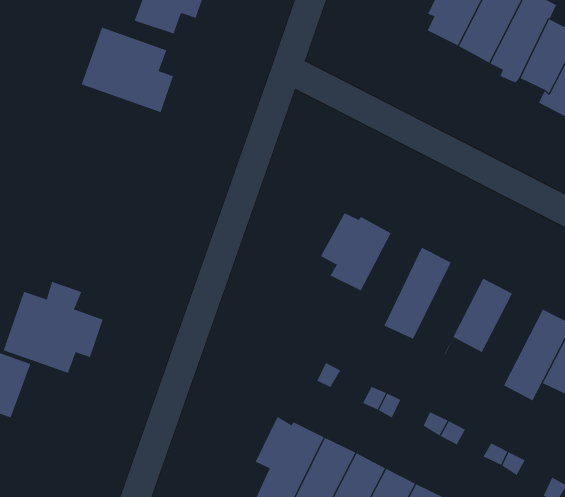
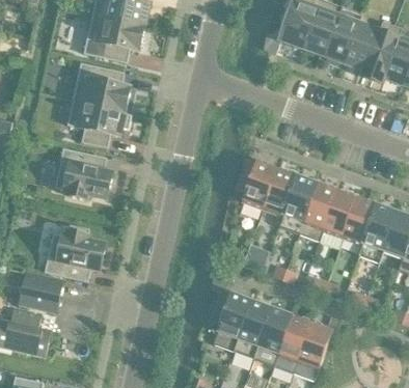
building: none -> [67,101,131,147]
building: none -> [55,148,112,199]
building: none -> [263,169,297,227]
building: none -> [299,183,337,241]
building: none -> [343,197,377,255]

